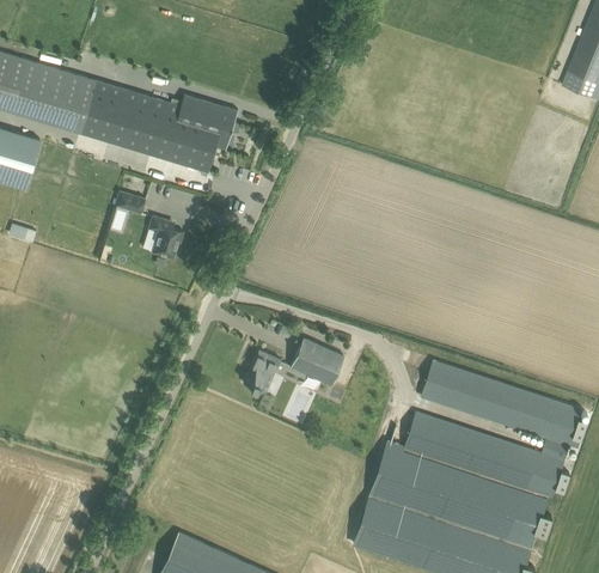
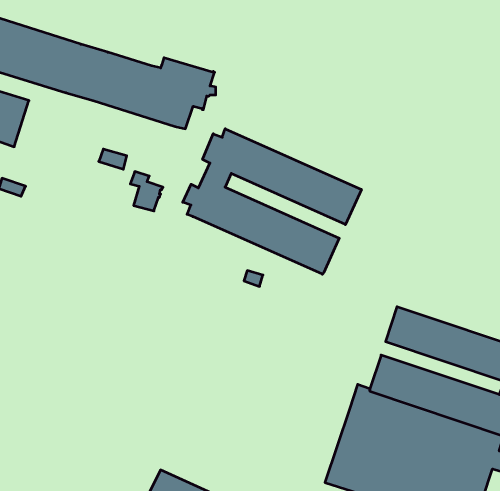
building: none -> [183,129,361,274]
building: [291,336,344,385] -> none
building: [243,349,280,394] -> none

